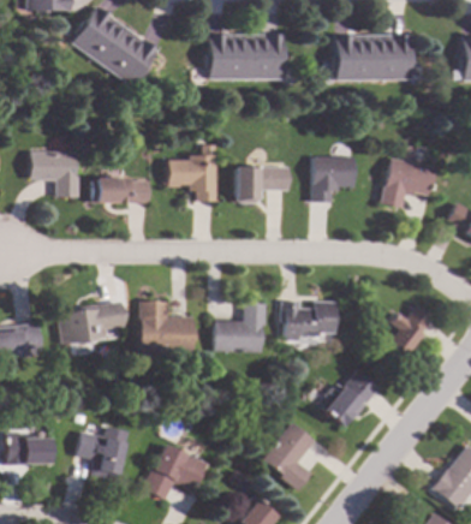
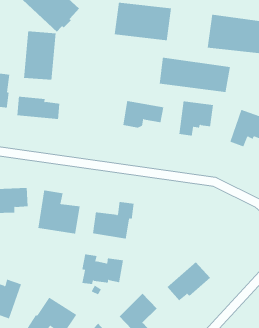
building: none -> [23,31,56,80]
building: none -> [159,57,230,93]
building: [167,155,215,201] -> none
building: [281,300,336,340] -> [81,254,124,285]
building: [387,306,431,356] -> none

